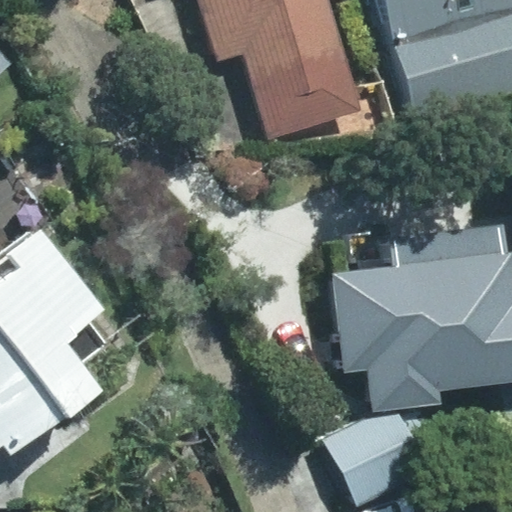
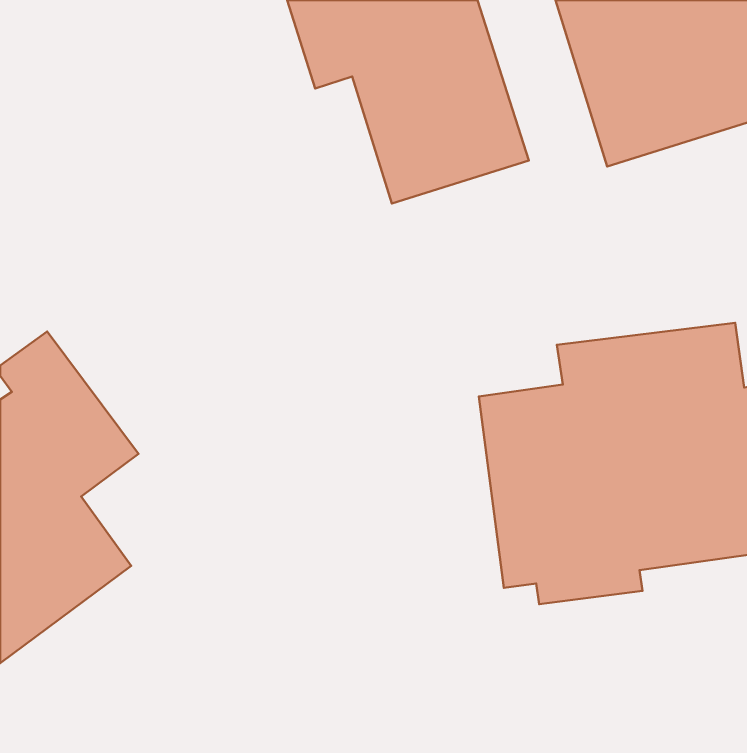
building: [326,409,429,505] -> none

